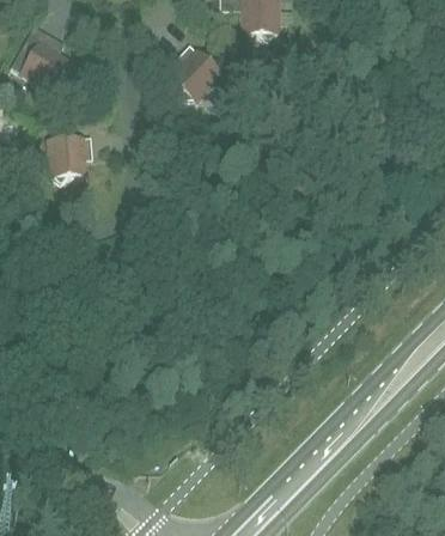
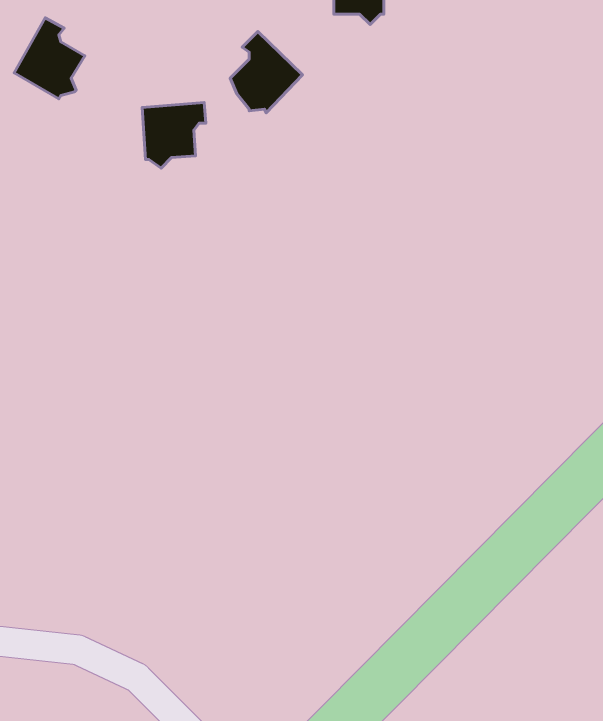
building: [48,134,92,179] -> [142,102,206,168]

